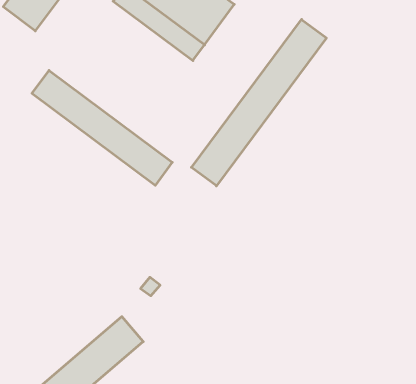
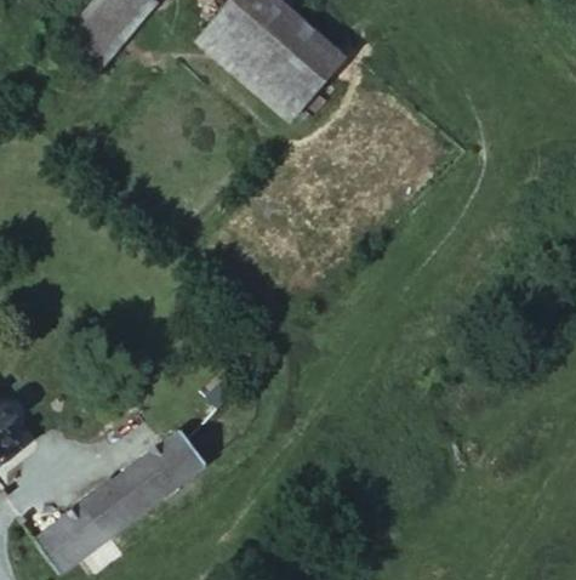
building: [191,19,326,186] -> none
building: [32,70,172,185] -> none

